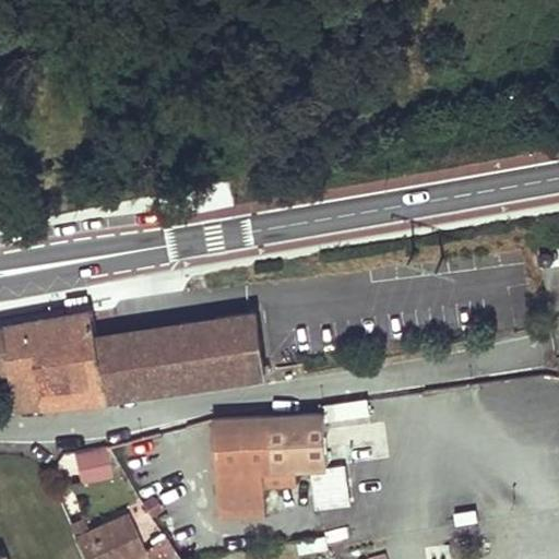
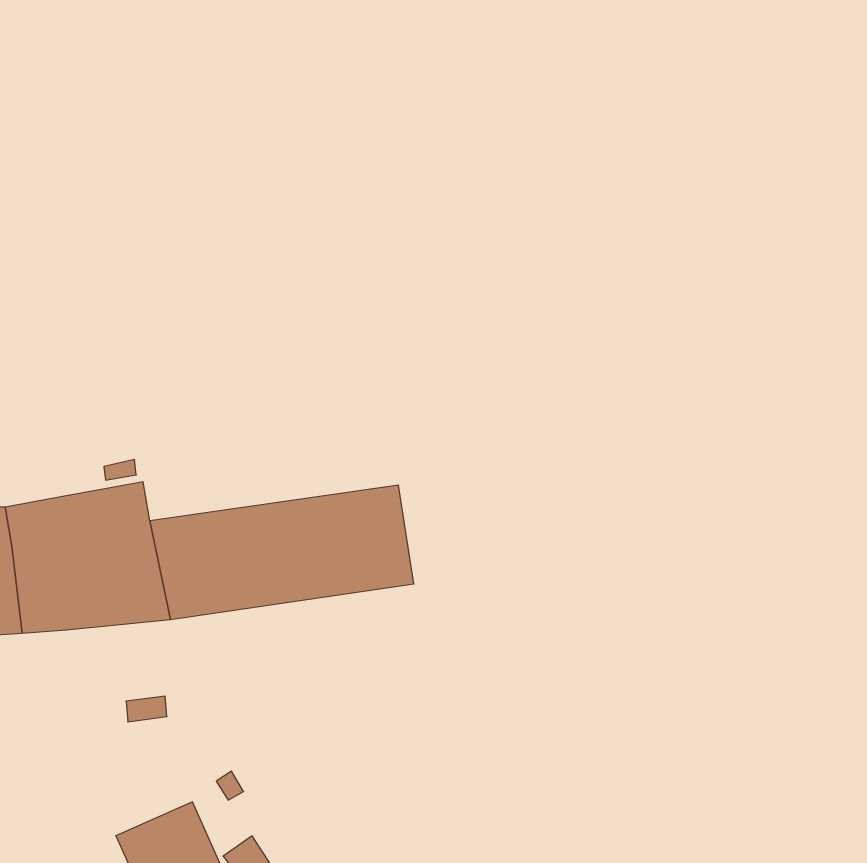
building: [212,418,326,521] -> none

